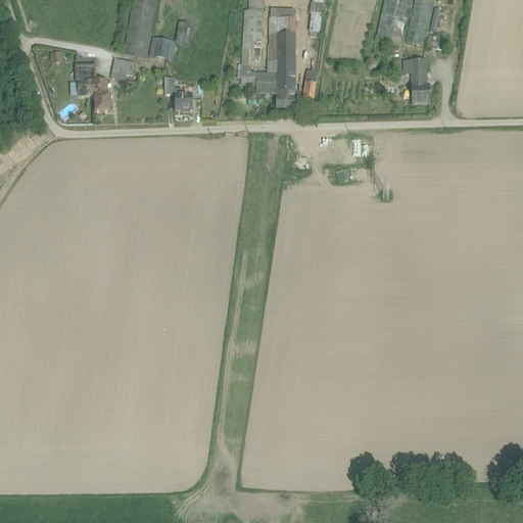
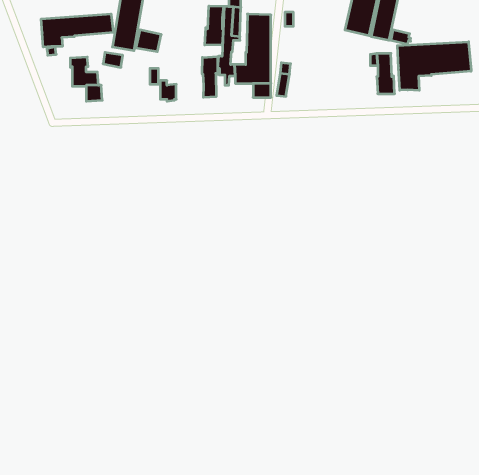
building: none -> [205,6,223,45]
building: none -> [41,14,113,47]
building: none -> [397,42,471,90]
building: none -> [202,57,217,97]

